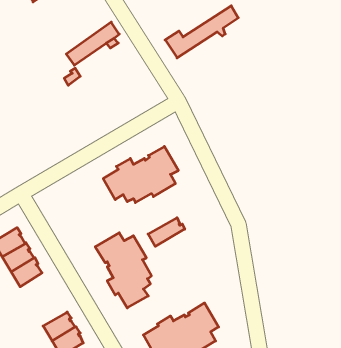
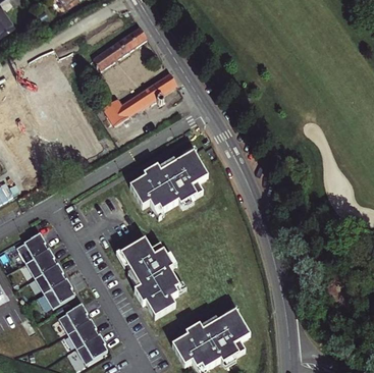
building: [165,6,238,58] -> [101,70,175,123]
building: [148,218,185,246] -> none
building: none -> [45,278,76,309]
building: none -> [56,304,92,335]

